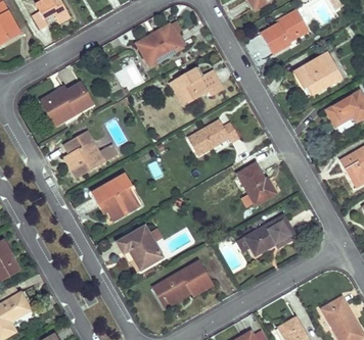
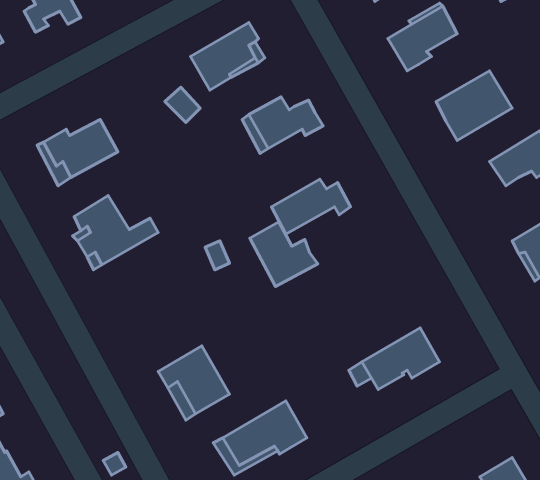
building: [238,163,281,204] -> [250,222,318,287]
building: [93,174,142,220] -> none

